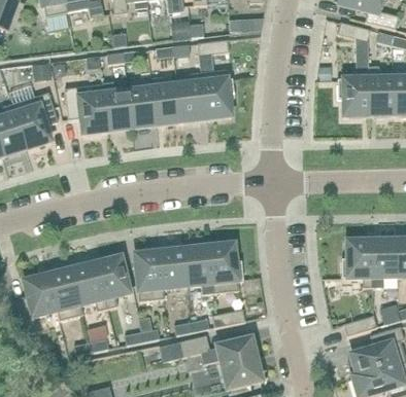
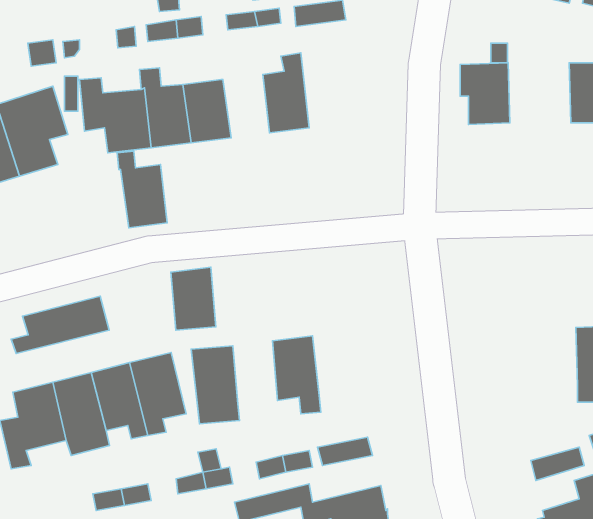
building: [202,70,235,118] -> none
building: [151,77,182,124] -> [117,151,167,228]
building: [338,78,369,116] -> [460,63,510,124]
building: none -> [11,296,109,354]
building: [342,242,373,288] -> none
building: [209,245,244,294] -> none
building: [160,250,188,289] -> [171,267,216,330]

